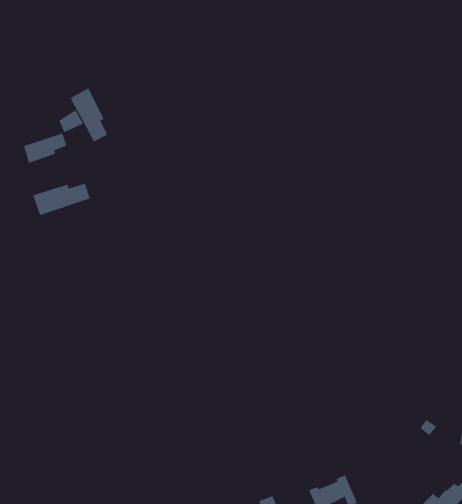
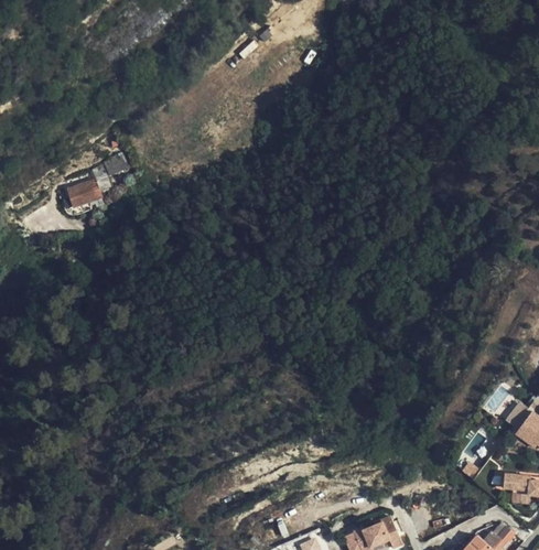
building: [70,87,108,142] -> none
building: [32,183,90,216] -> none

